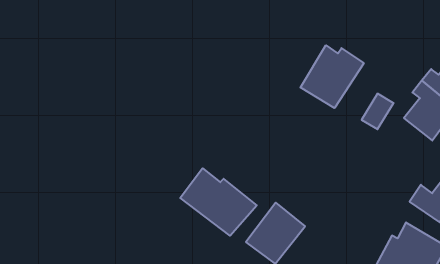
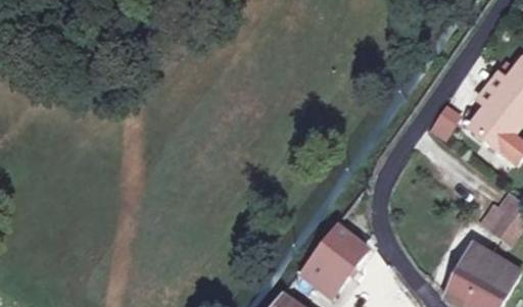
building: [300,45,364,108] -> none
building: [180,168,257,236] -> none

